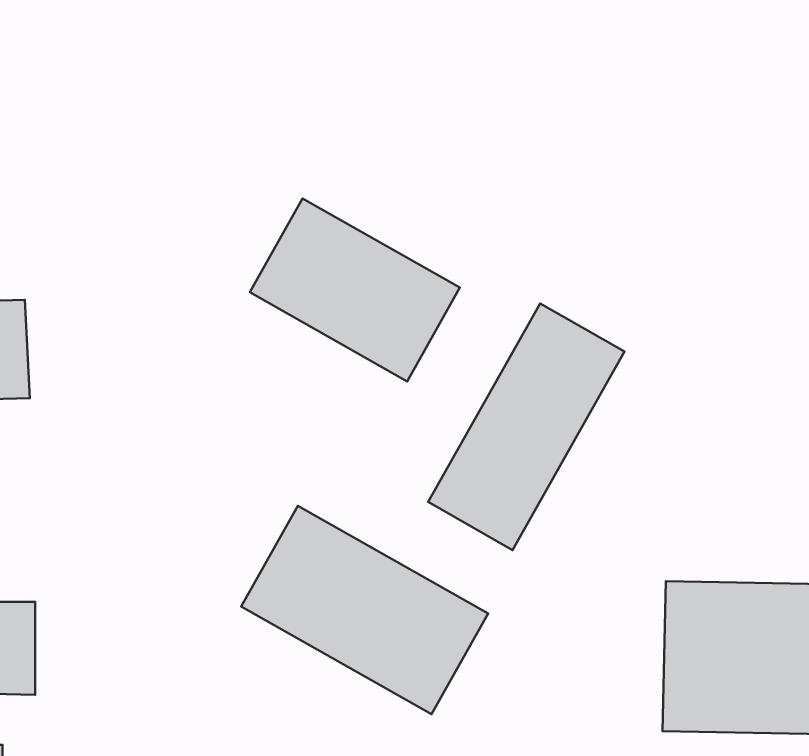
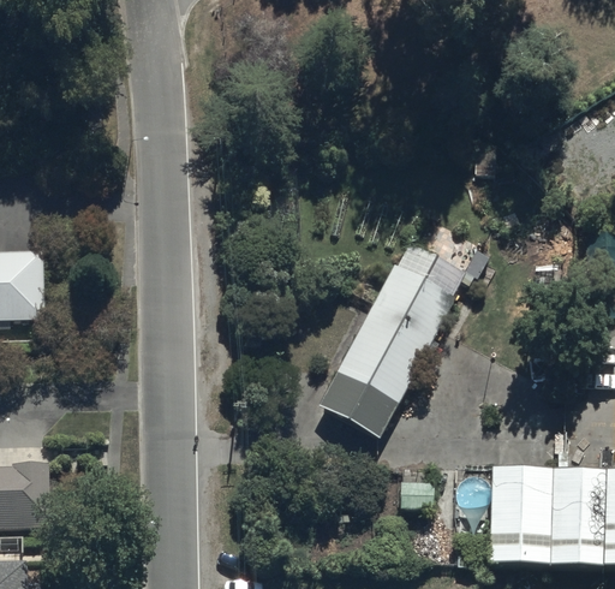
building: [250,198,460,381] -> none
building: [241,506,488,714] -> none

